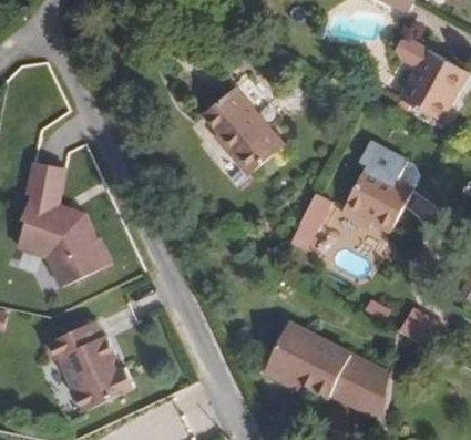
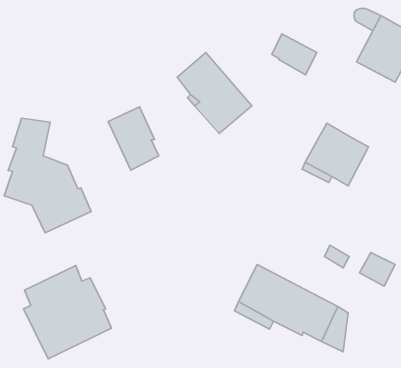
building: [358,140,407,184] -> [272,34,317,75]
building: none -> [108,107,159,170]
building: [290,192,337,250] -> none

